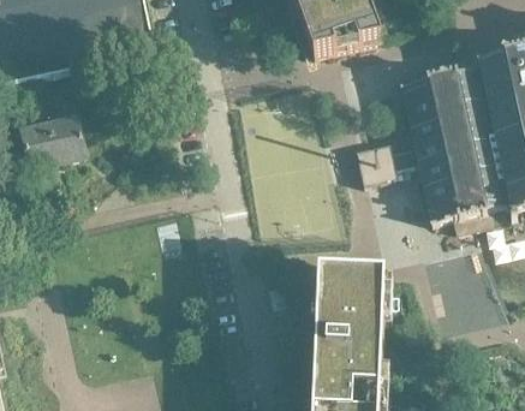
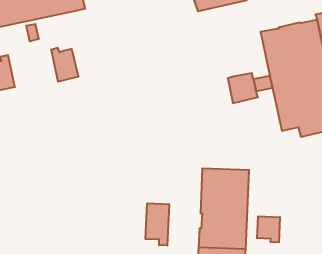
building: [47,109,85,156] -> [51,48,79,82]
building: none -> [146,203,169,246]
building: none -> [257,216,280,242]

